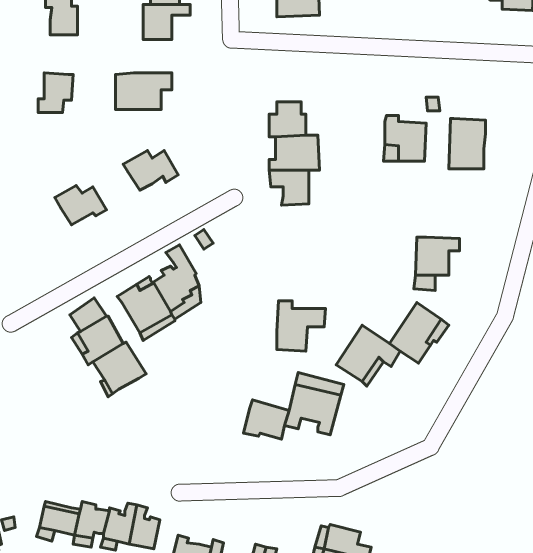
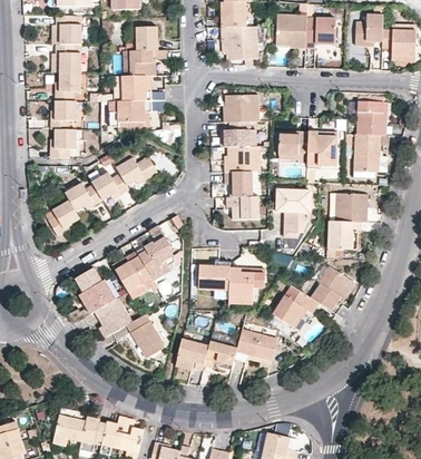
building: none -> [57,72,81,101]
building: none -> [123,76,150,100]
building: none -> [222,96,257,121]
building: none -> [356,96,385,135]
building: none -> [51,129,78,158]
building: none -> [278,135,306,155]
building: none -> [91,172,129,201]
building: none -> [274,189,309,232]
building: none -> [336,194,368,222]
building: none -> [224,196,256,219]
building: none -> [45,199,80,237]
building: none -> [197,265,228,290]
building: none -> [126,313,163,357]
building: none -> [174,339,207,370]

